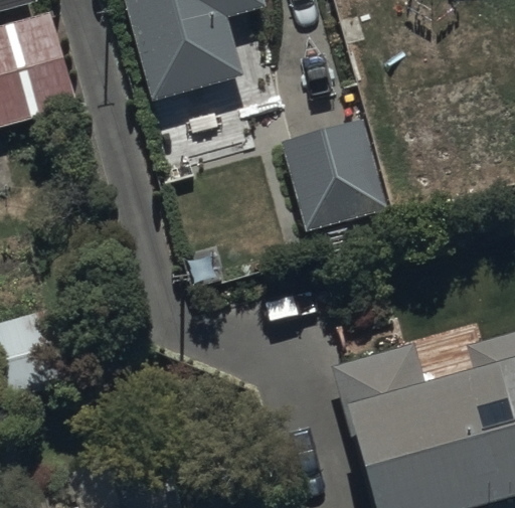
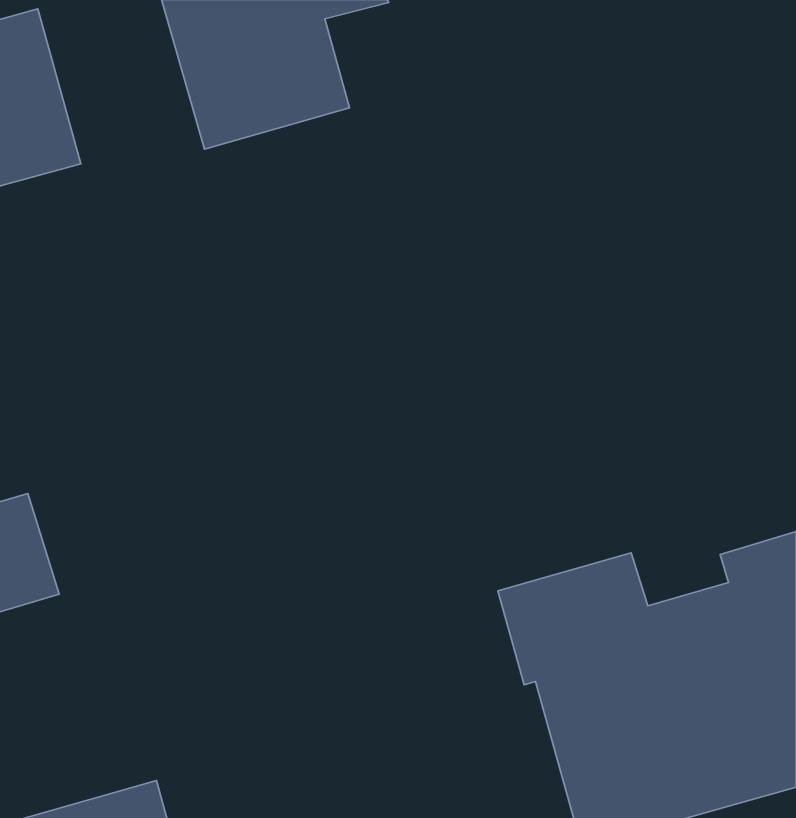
building: [281,120,388,232] -> none

